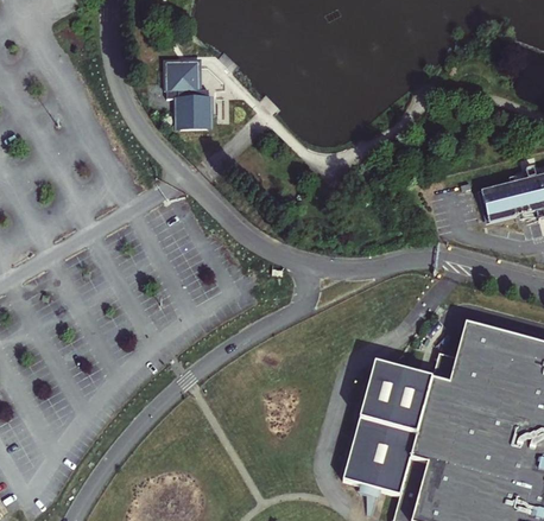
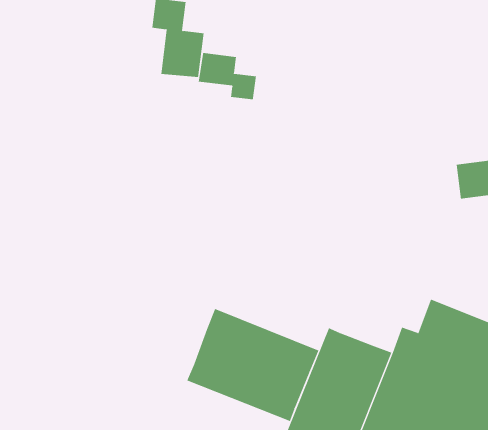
building: none -> [198,52,256,100]
building: none -> [187,308,319,422]

